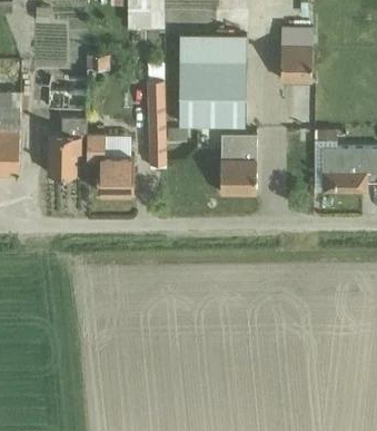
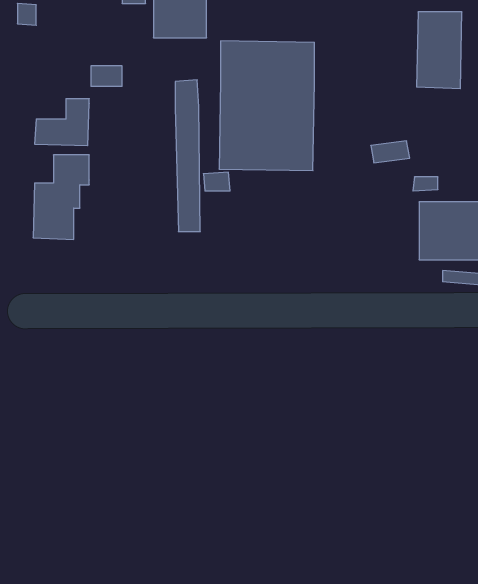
building: [279,28,311,82] -> [417,12,462,89]
building: [85,134,132,194] -> none
building: [219,134,256,195] -> none

